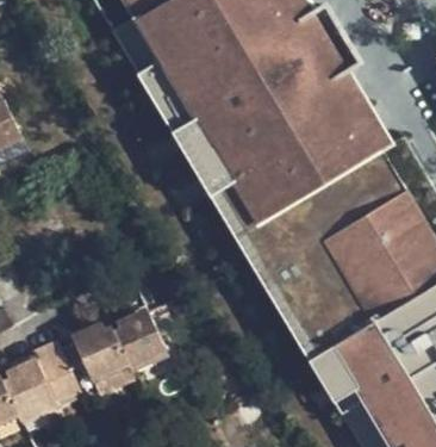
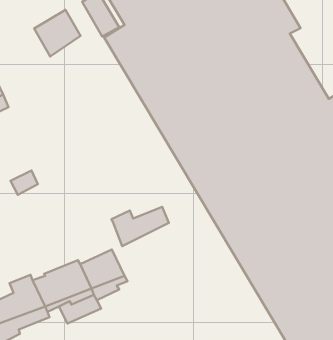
building: none -> [34,10,80,56]
building: none -> [111,207,169,246]

